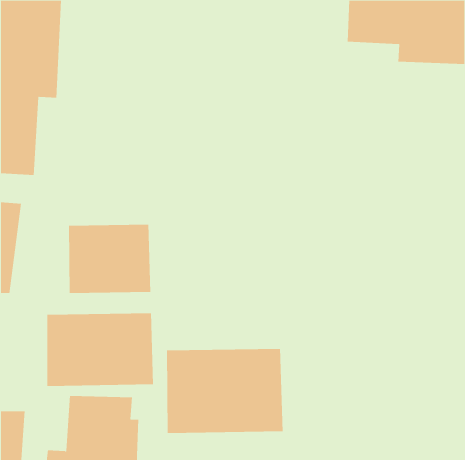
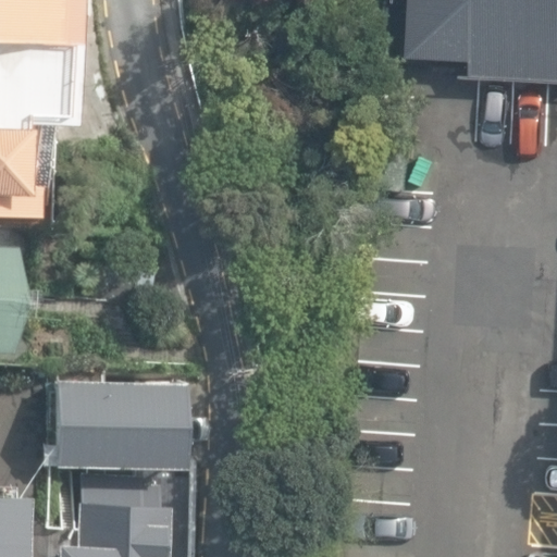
building: [69,224,151,294] -> none
building: [166,348,283,434] -> none

